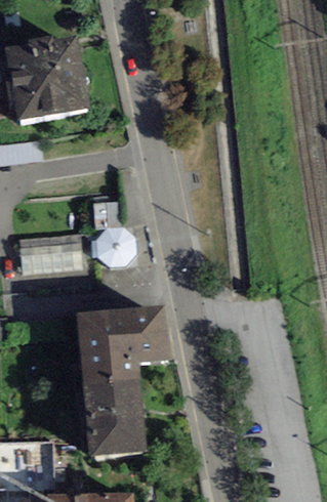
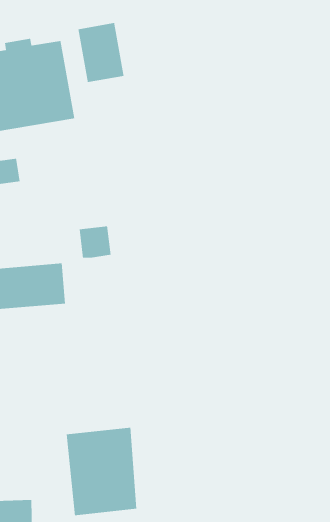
building: none -> [78,22,124,83]
building: [91,226,136,266] -> none
building: [76,305,173,384] -> none

